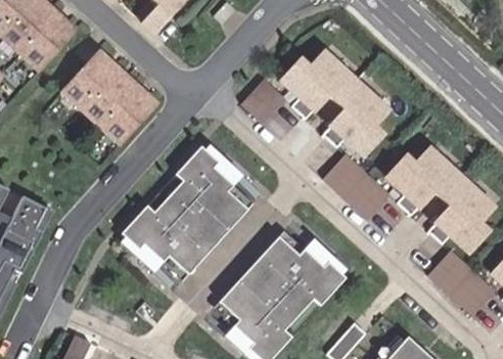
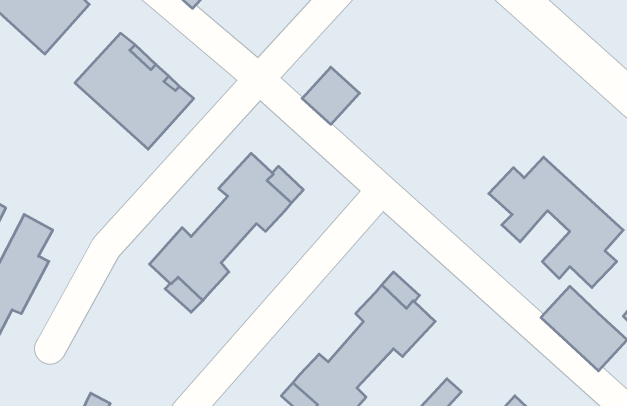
building: [281,52,386,155] -> none
building: [322,154,390,221] -> none
building: [168,191,247,274] -> none
building: [218,237,298,320] -> none

